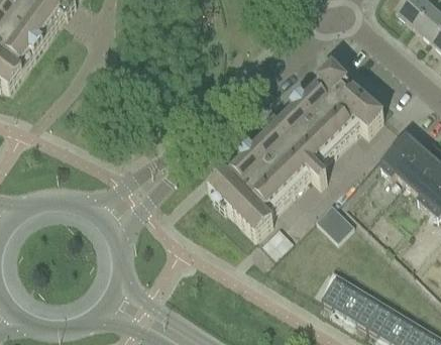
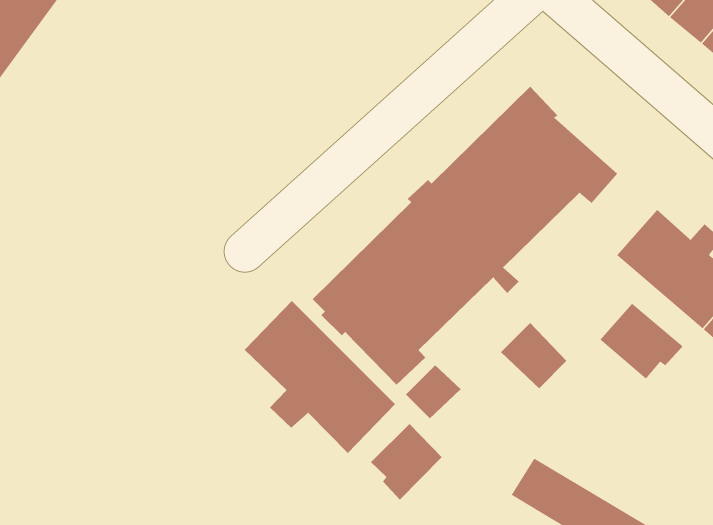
building: none -> [244,300,396,454]
building: none -> [599,303,683,380]
building: none -> [370,423,442,501]

